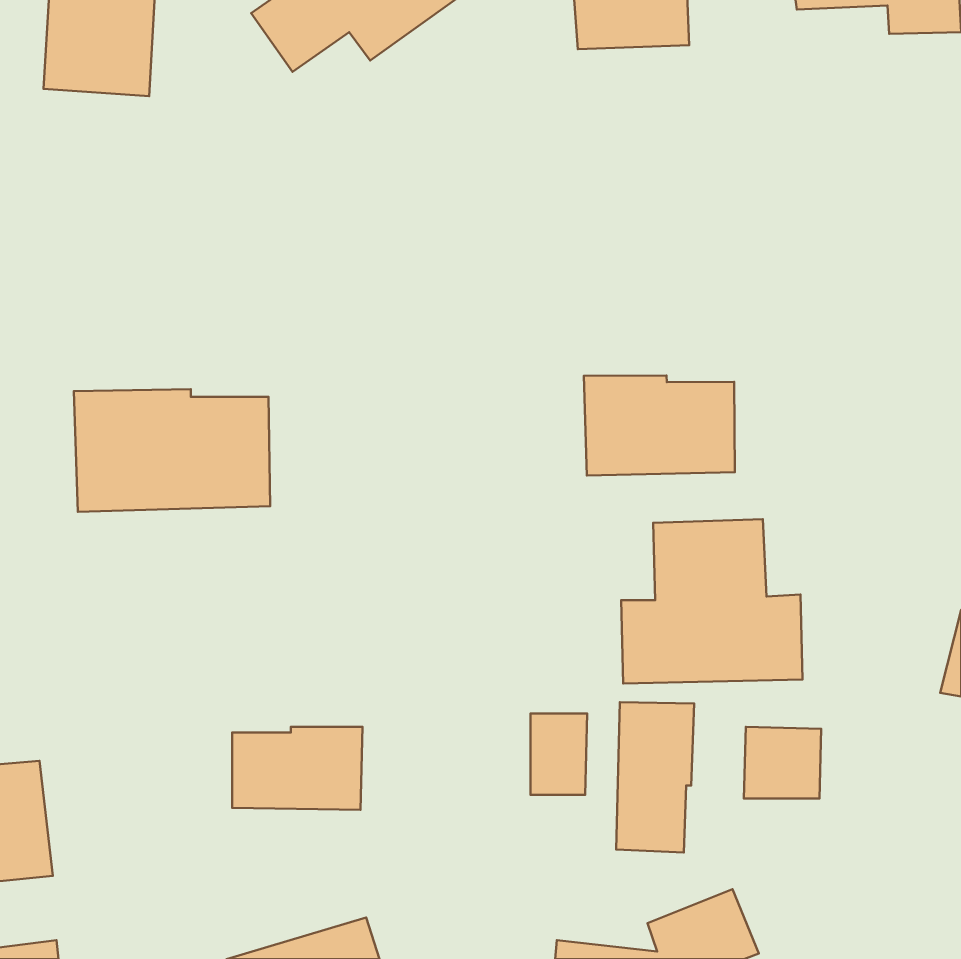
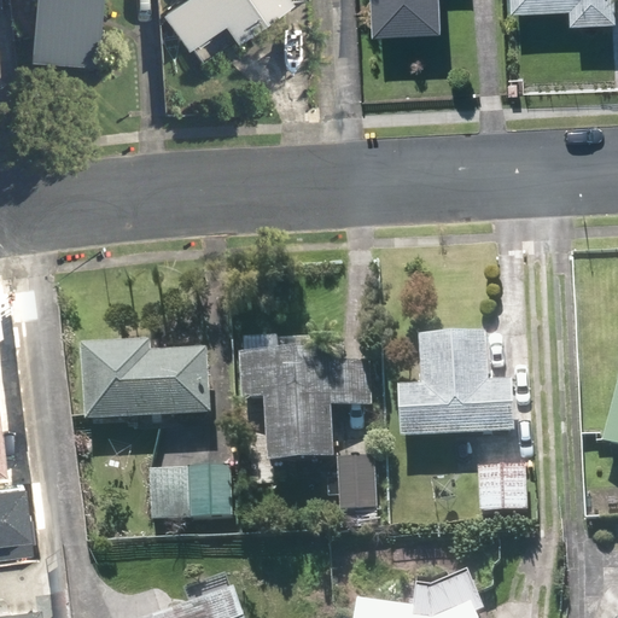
building: [584,375,735,475] -> none
building: [74,389,270,512] -> [82,340,208,419]
building: none -> [239,337,371,461]
building: [616,702,694,852] -> none

